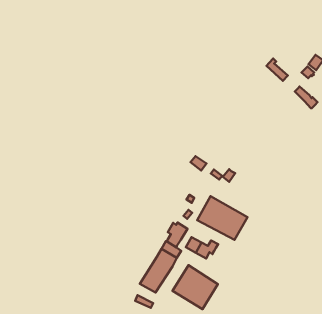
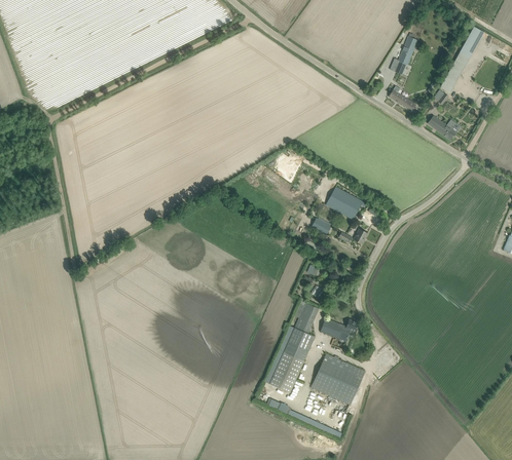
building: none -> [386,37,416,76]
building: none -> [325,187,365,220]
building: [197,196,248,240] -> none

